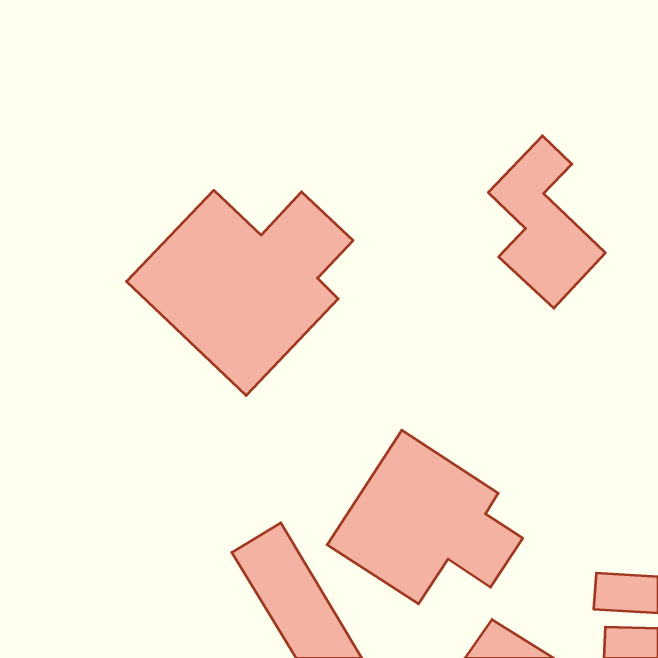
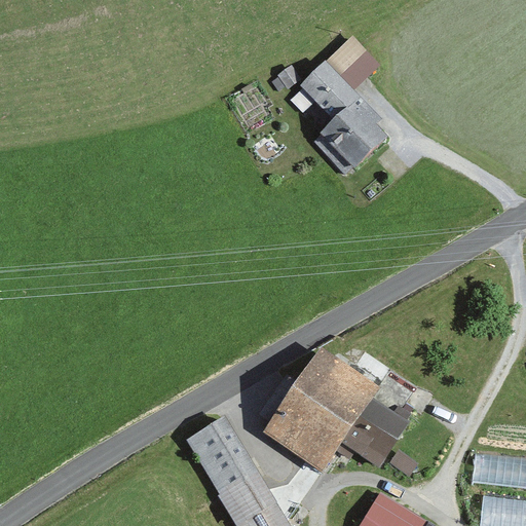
building: [488,136,605,308] -> [299,39,392,177]
building: [126,190,353,396] -> none

